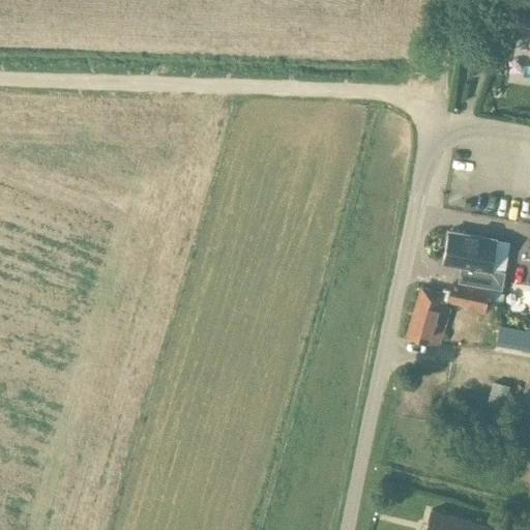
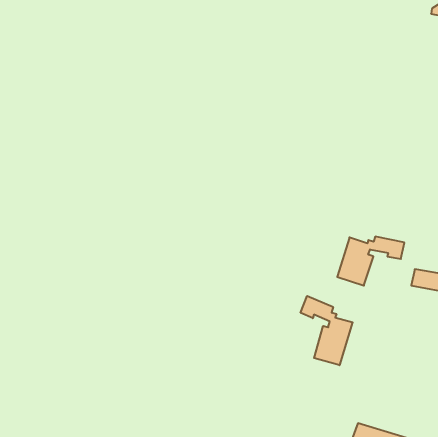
building: [444,233,506,292] -> none
building: none -> [301,296,353,365]

